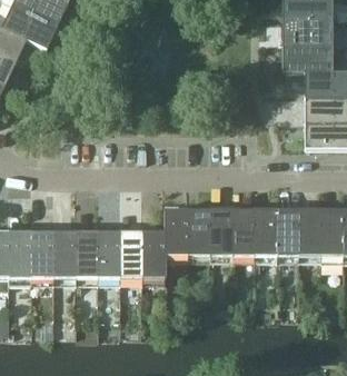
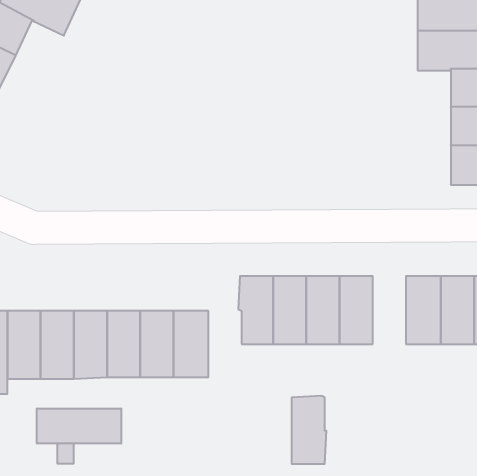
building: [254,210,276,256] -> none
building: [143,232,167,278] -> [292,396,326,464]
building: none -> [37,408,121,444]

